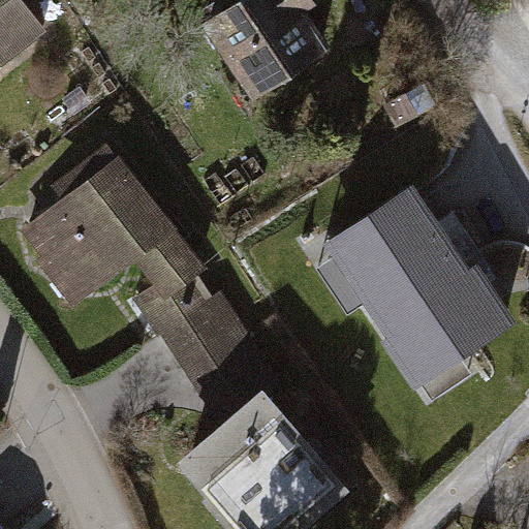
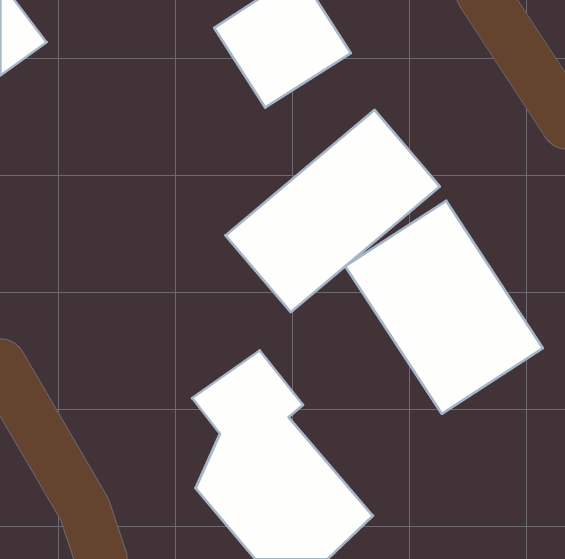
building: none -> [225,110,440,312]
building: [18,156,244,371] -> none

